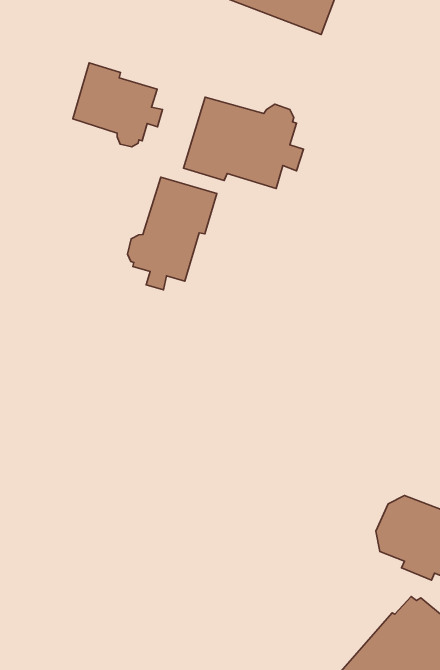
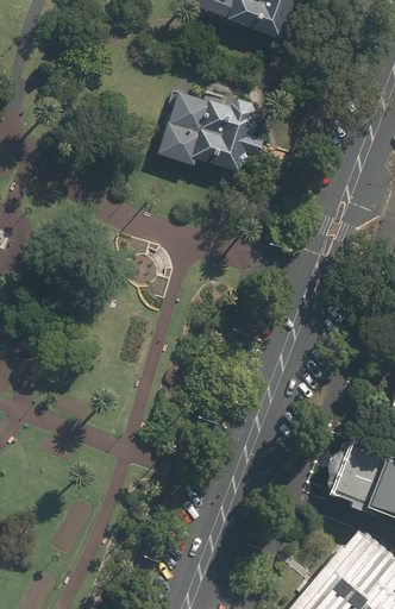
building: [73,63,163,147] -> none
building: [127,177,217,290] -> none

